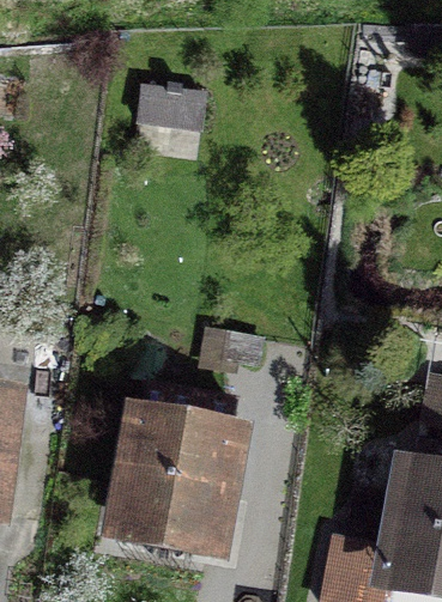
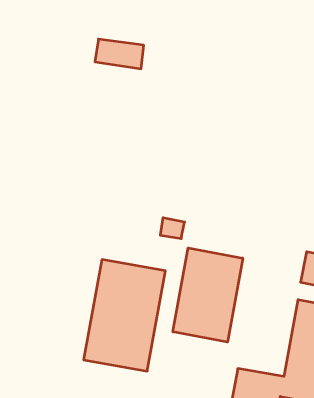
building: none -> [173,248,243,342]

